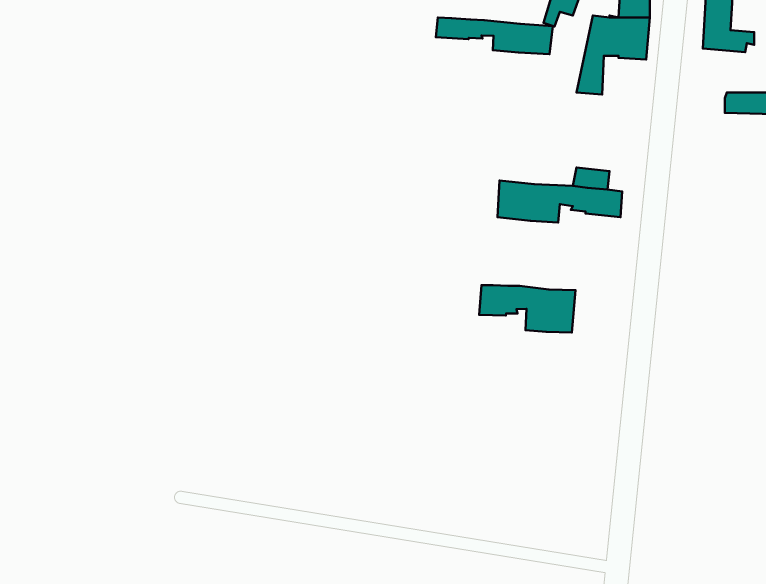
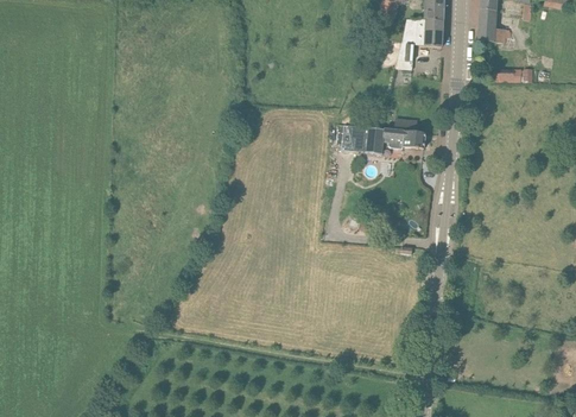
building: [436,17,553,54] -> none
building: [479,285,576,332] -> none

